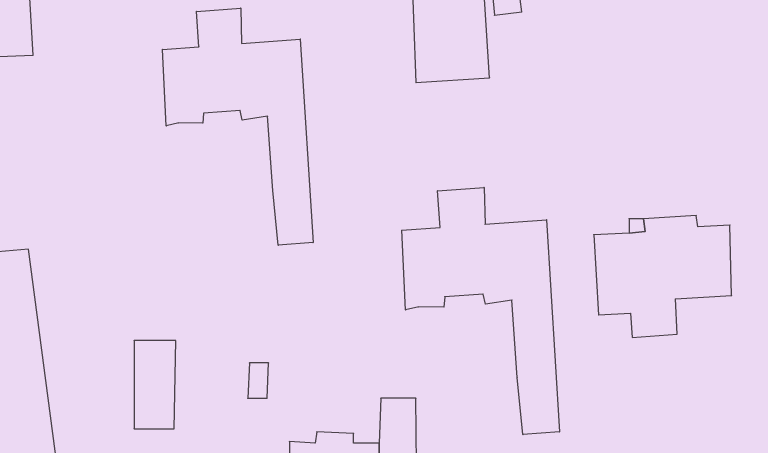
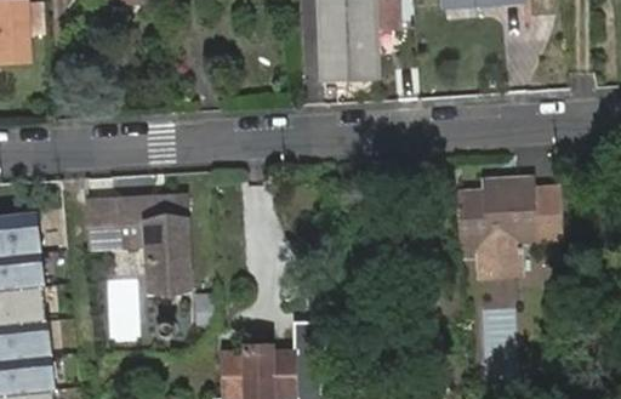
building: [162,8,313,245] -> none
building: [402,187,559,435] -> none
building: none -> [87,195,192,293]

